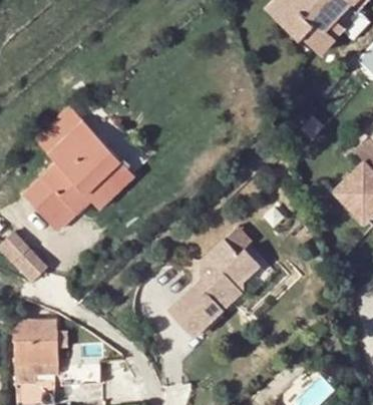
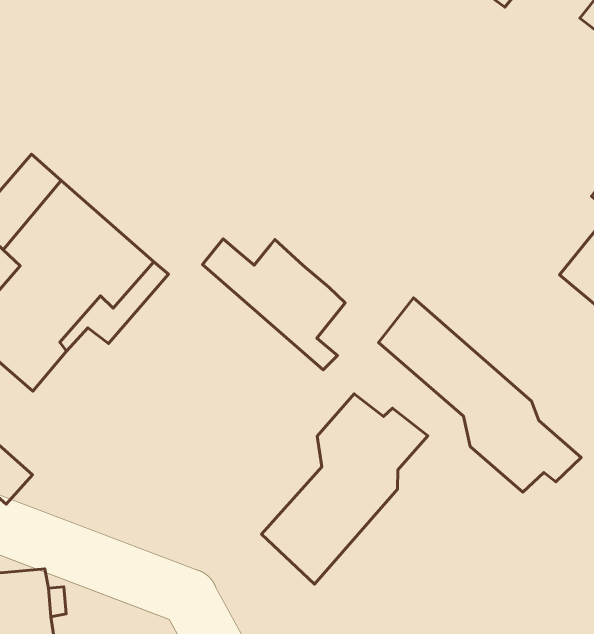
building: none -> [203,239,345,370]
building: none -> [379,298,581,492]

